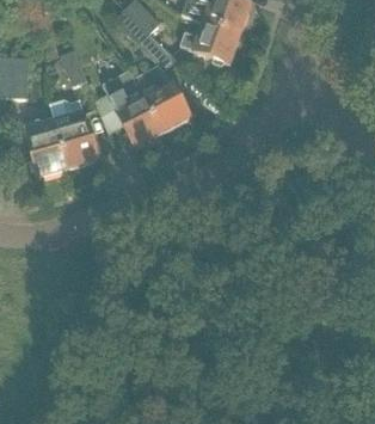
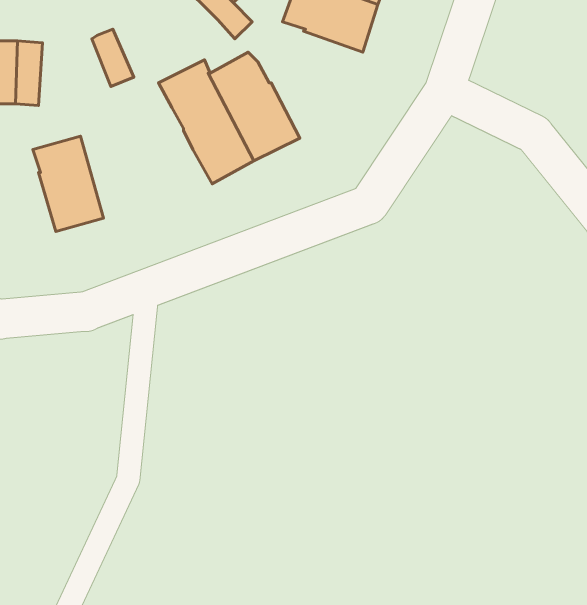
building: [49,99,97,168] -> none

